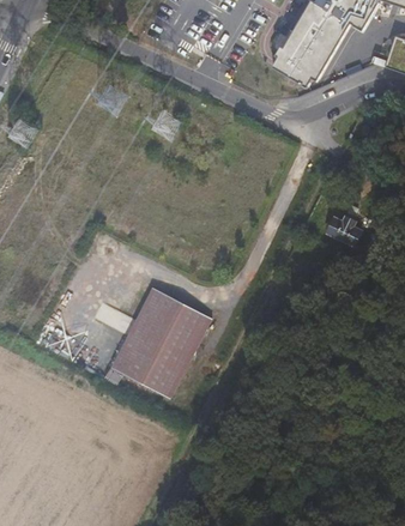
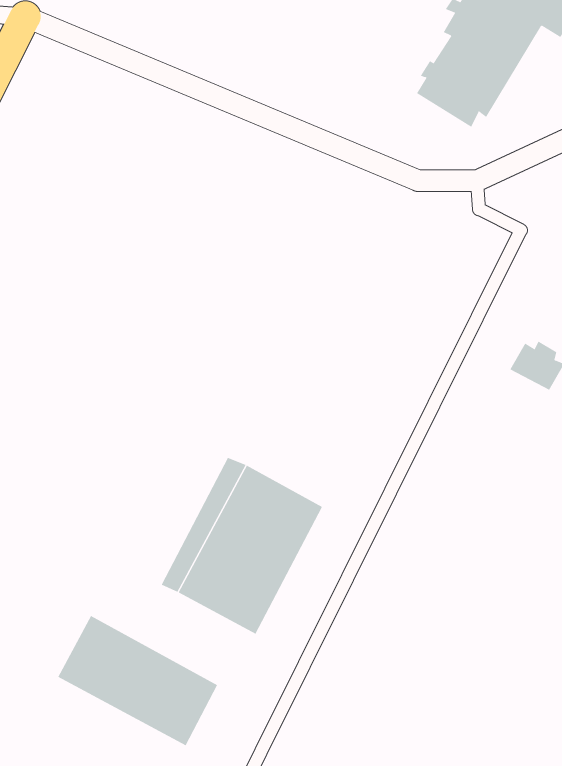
building: none -> [58,615,218,746]

